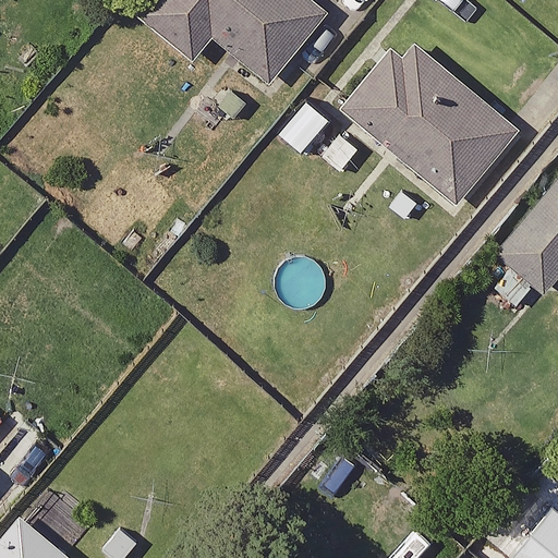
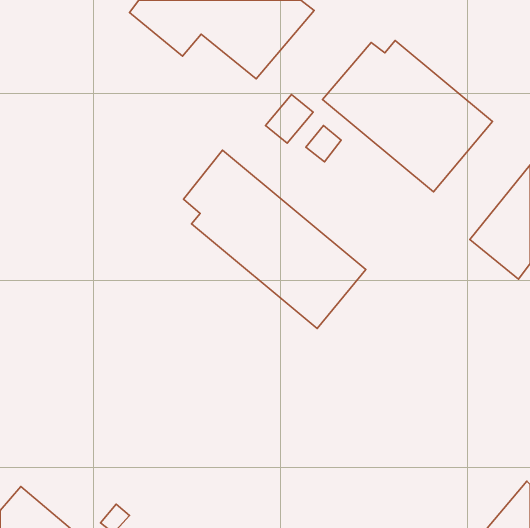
building: none -> [184,150,366,329]

